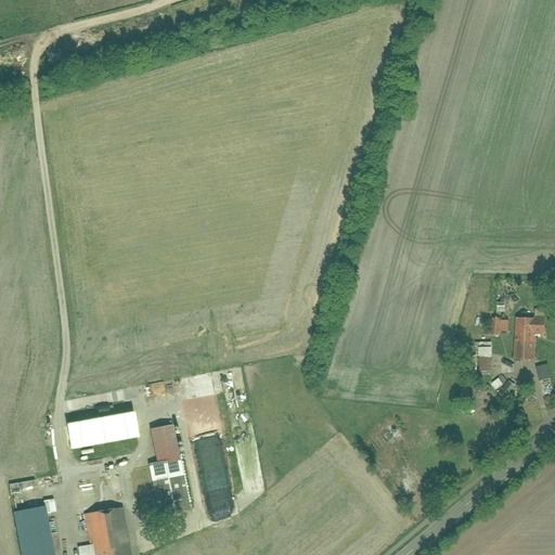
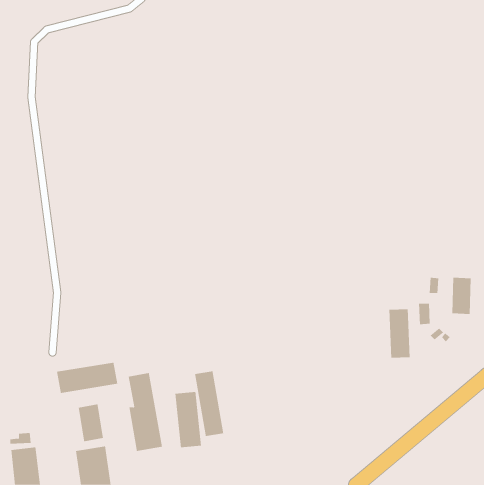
building: none -> [389,308,410,358]
building: none -> [194,371,224,437]
building: none -> [78,404,103,442]

